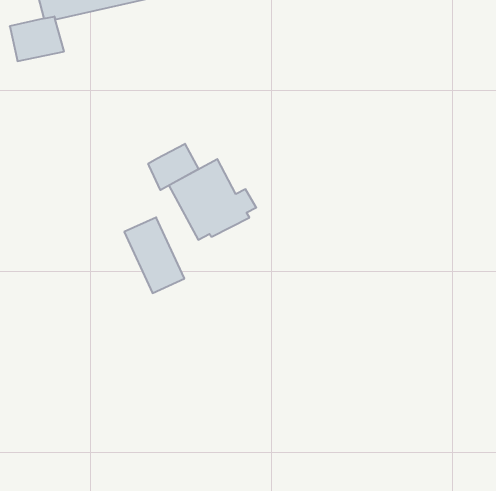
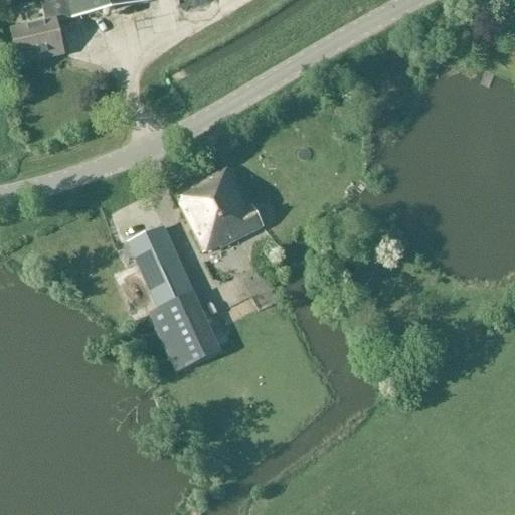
building: [148,144,199,190] -> none
building: none -> [149,288,221,371]

